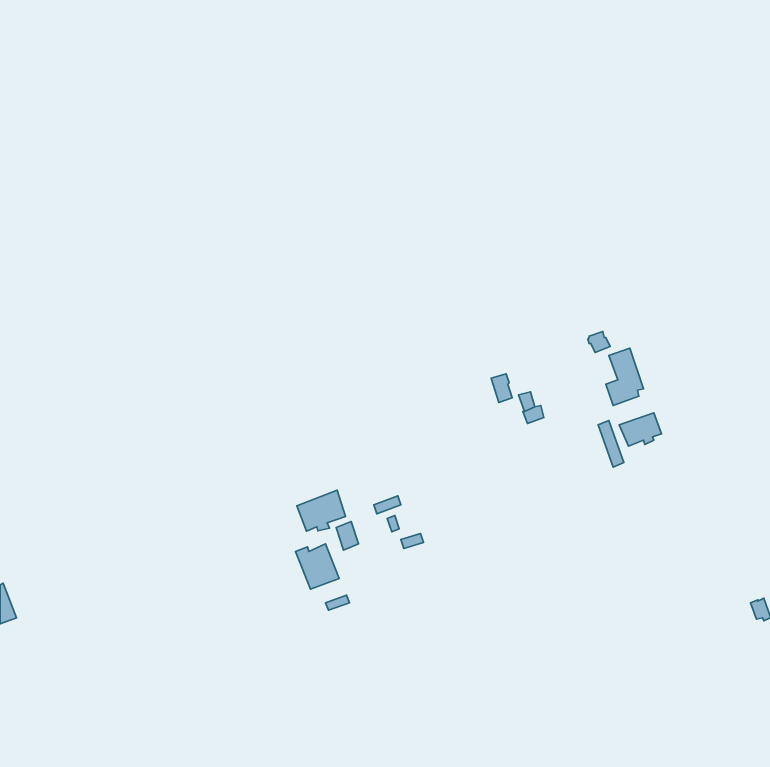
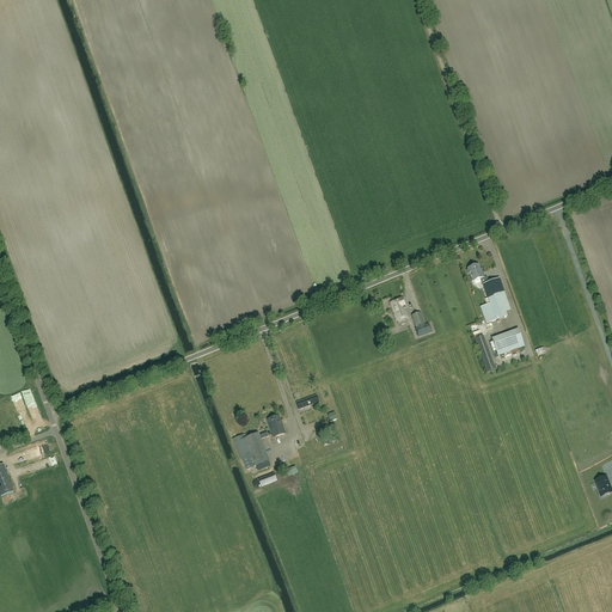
building: [297,490,345,531] -> none

